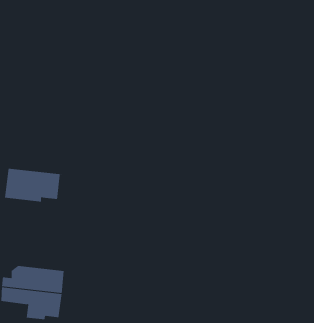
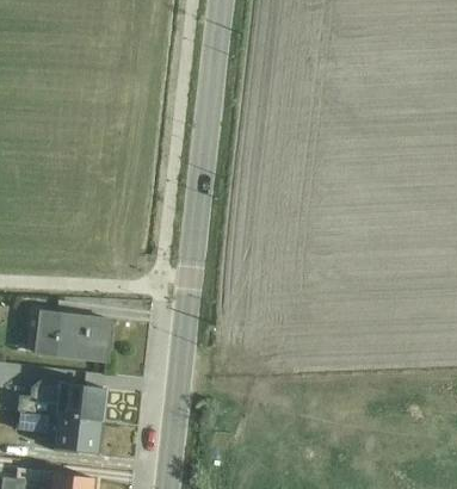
building: [4,168,62,202] -> [36,312,115,359]

